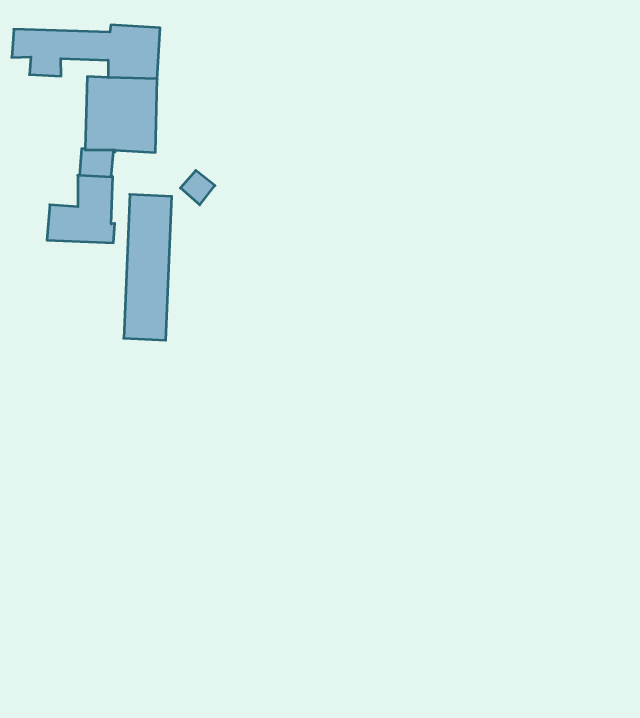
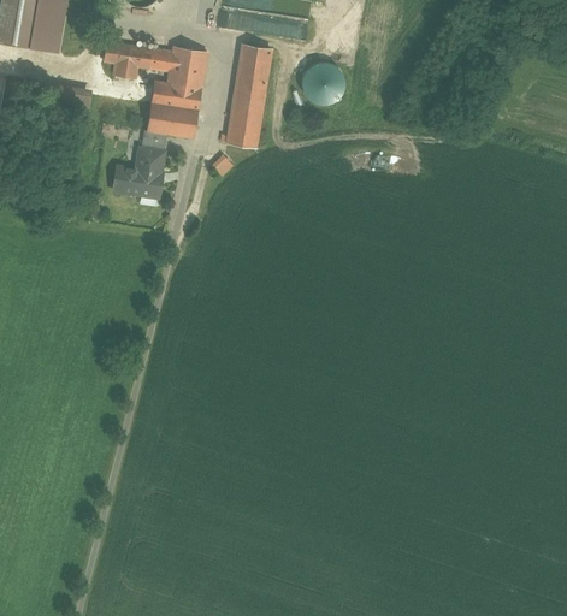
building: none -> [301,63,341,105]
building: [124,194,172,340] -> [228,45,272,148]

